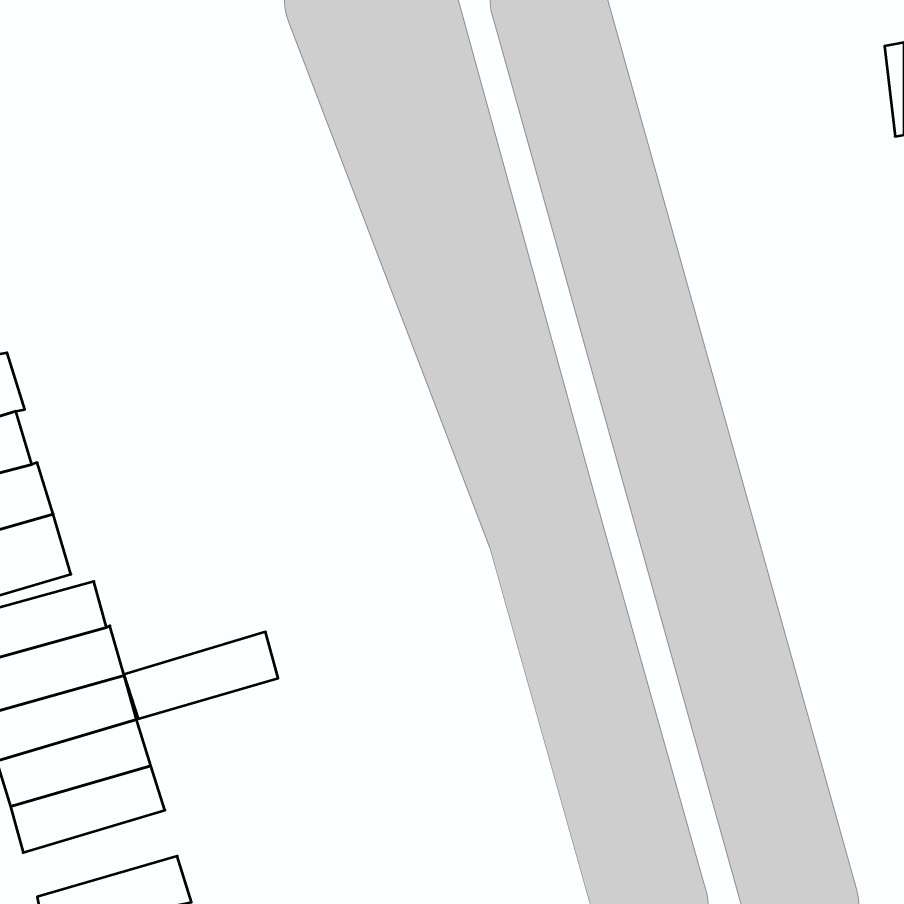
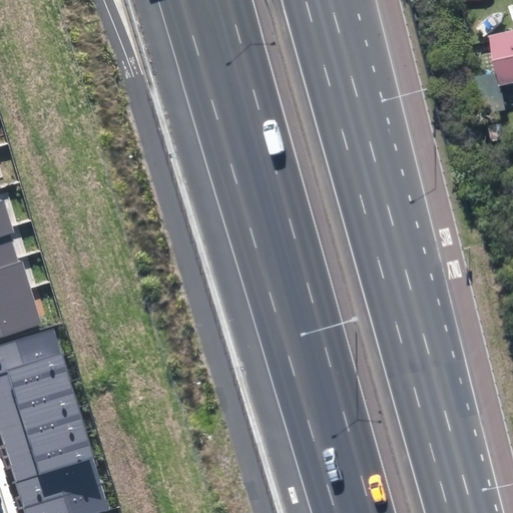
building: [124,632,278,719] -> [13,459,100,508]

